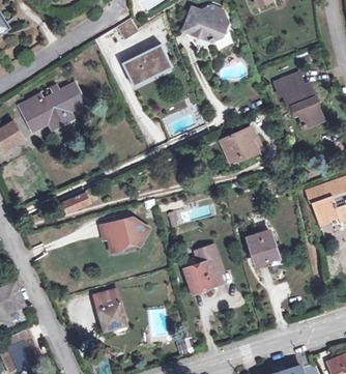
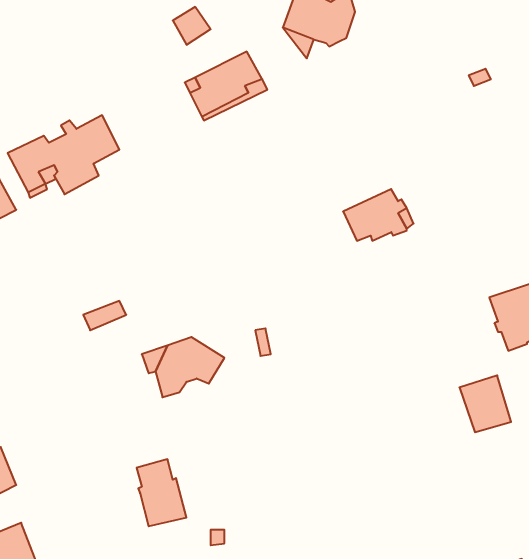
building: [272,73,321,126] -> none
building: [247,230,278,264] -> [459,375,511,432]
building: [186,243,225,291] -> none

